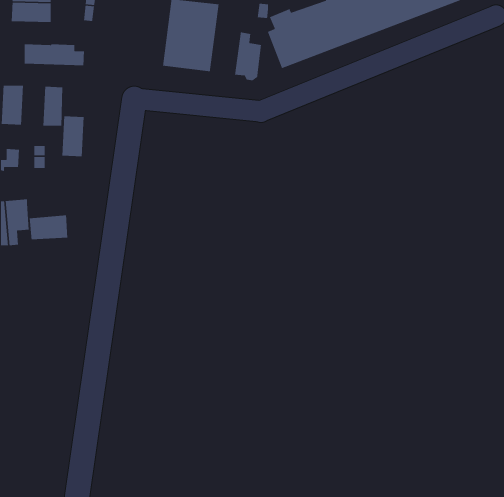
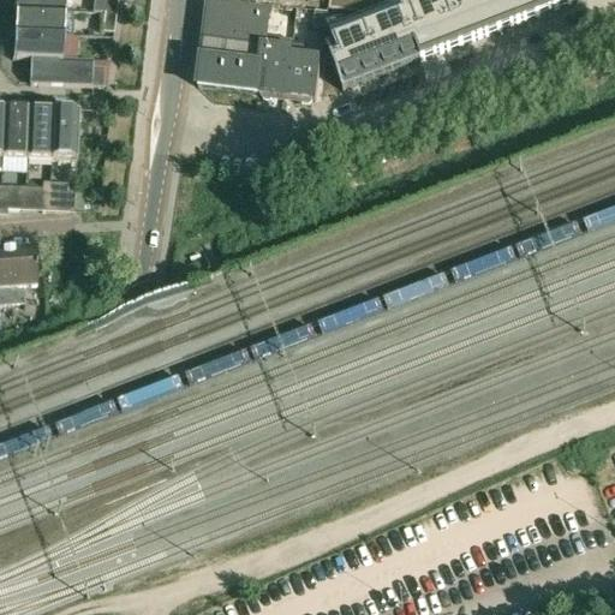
building: none -> [13,26,64,54]
building: none -> [257,37,293,95]
building: [62,116,84,157] -> [28,103,55,154]
building: [29,215,68,240] -> none

